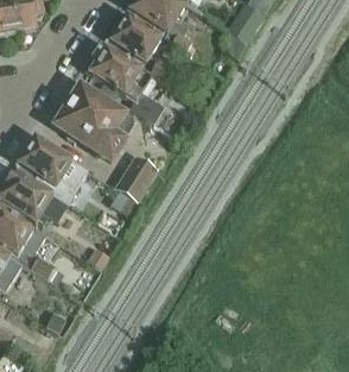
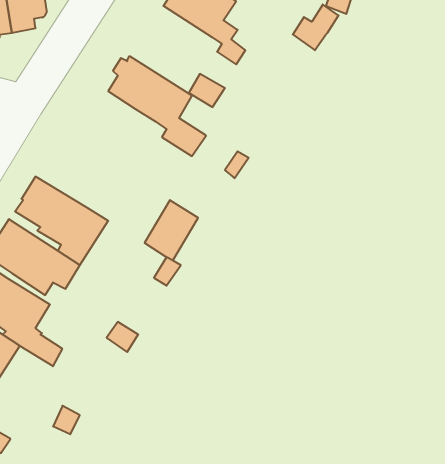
building: [109,10,161,61] -> none
building: [56,84,135,157] -> none

